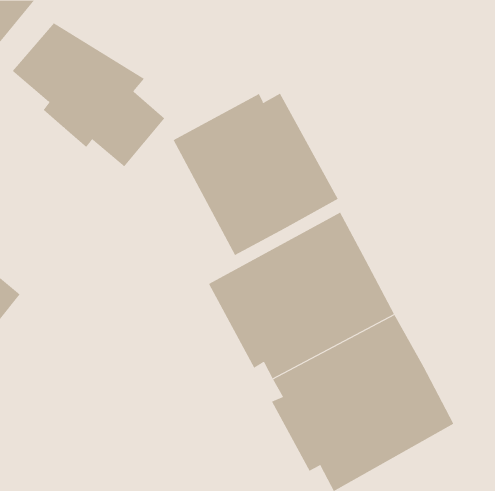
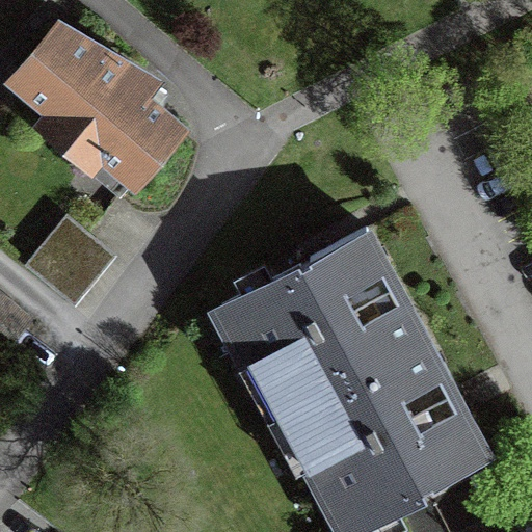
building: [173,93,339,256] -> none
building: none -> [27,222,109,305]

